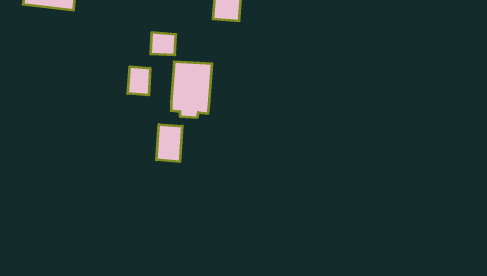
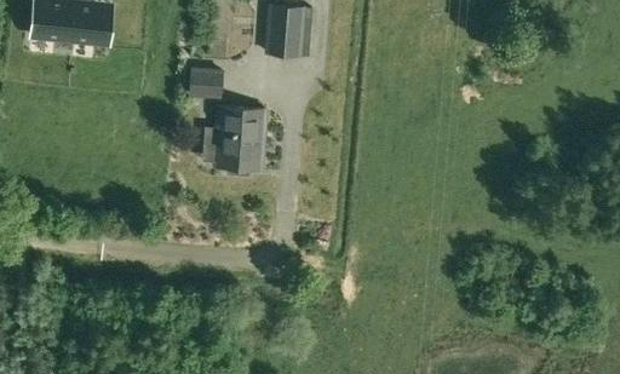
building: [128,67,150,95] -> none
building: [156,124,182,162] -> none

